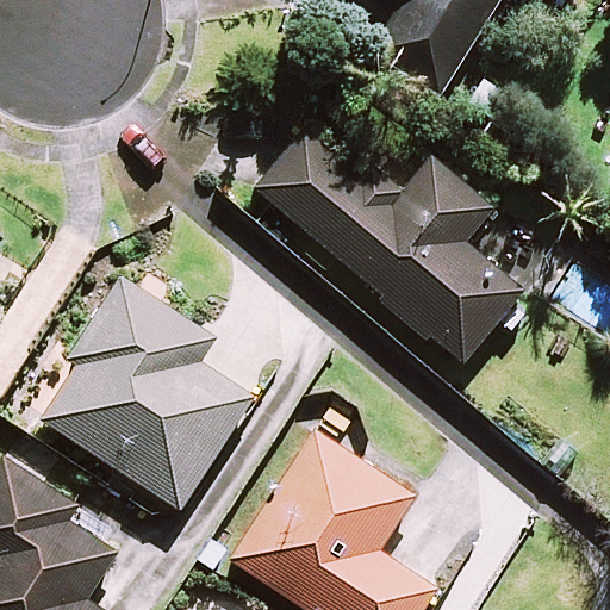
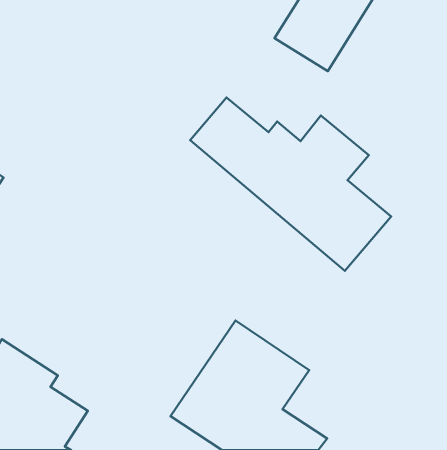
building: [39,276,255,512] -> none

